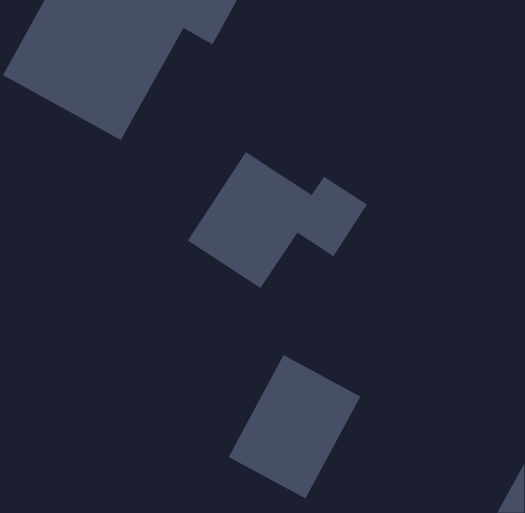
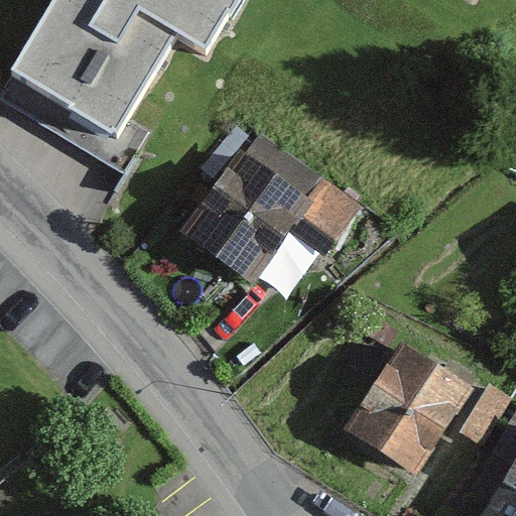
building: [228,354,361,499] -> [343,339,474,481]

